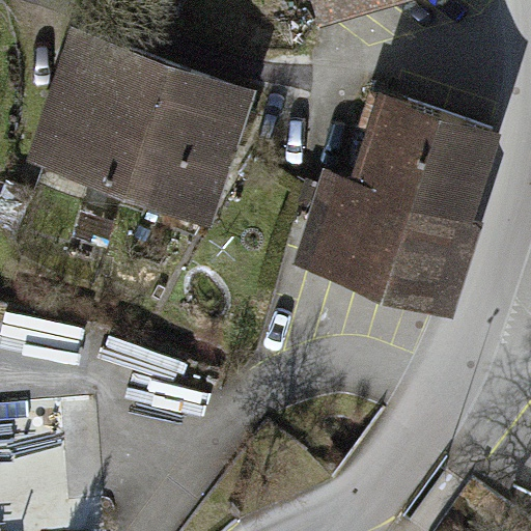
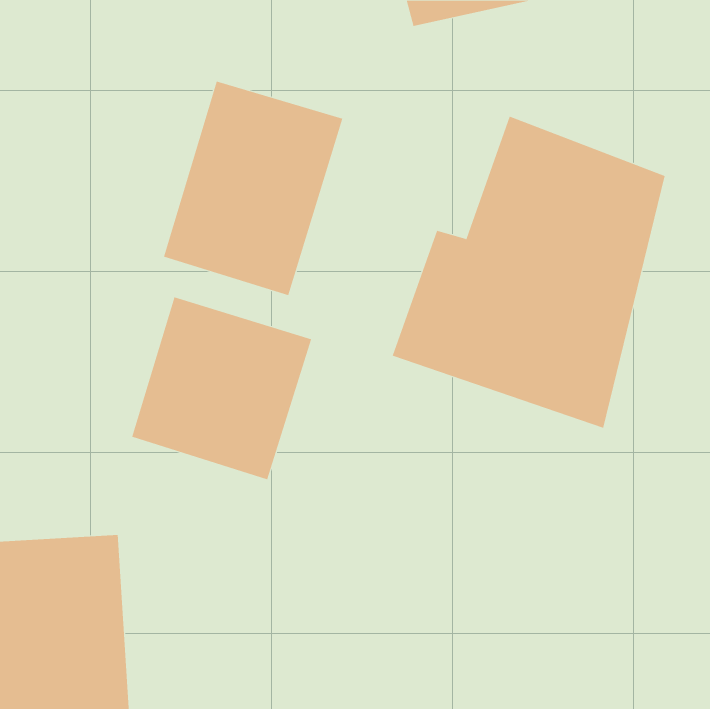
building: [28,34,161,194] -> none
building: none -> [132,297,312,480]

